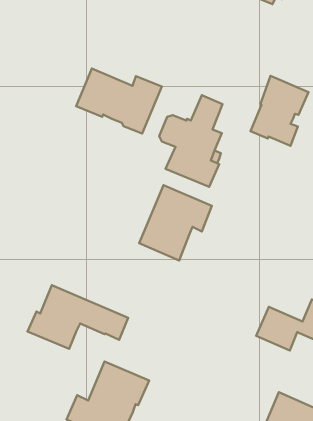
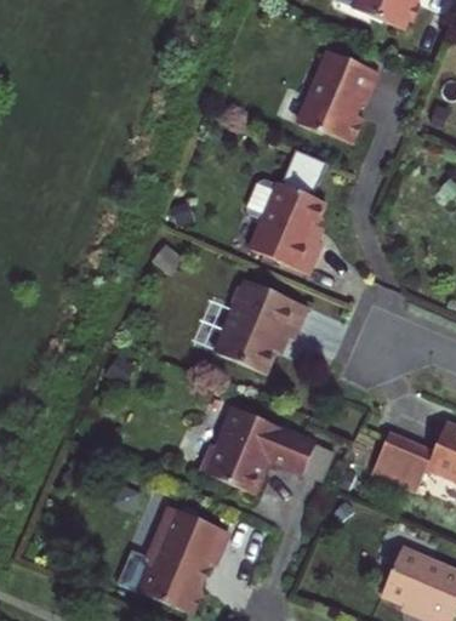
building: [76,68,162,133] -> none
building: [250,76,309,146] -> [297,47,375,141]
building: [27,285,128,349] -> [199,409,334,494]

